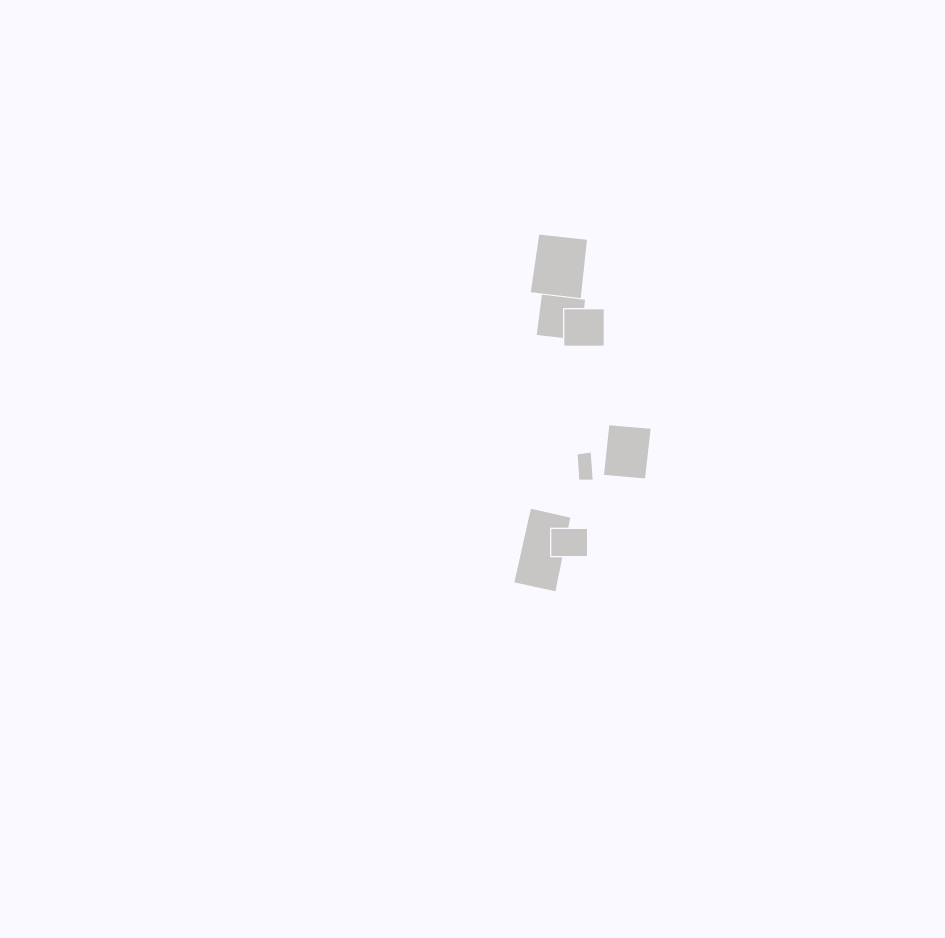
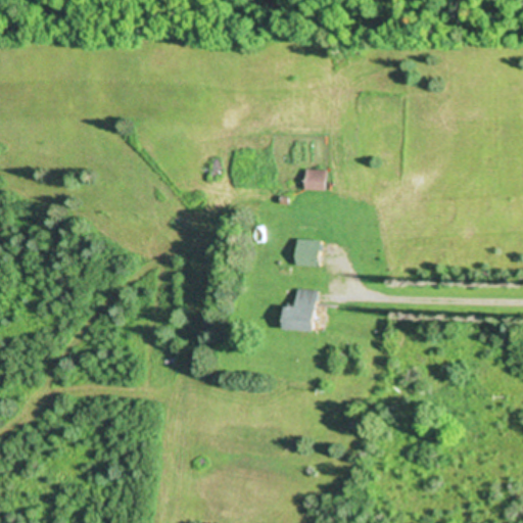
building: [530,234,588,299] -> none
building: [603,425,651,479] -> [292,238,319,268]

